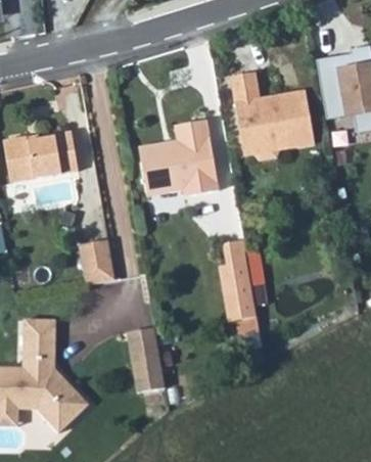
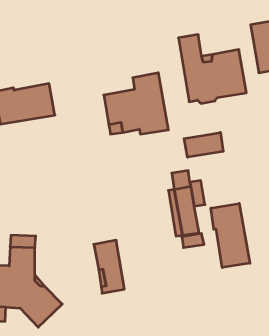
building: none -> [184,132,223,157]
building: [76,237,111,281] -> none
building: none -> [211,203,250,268]

